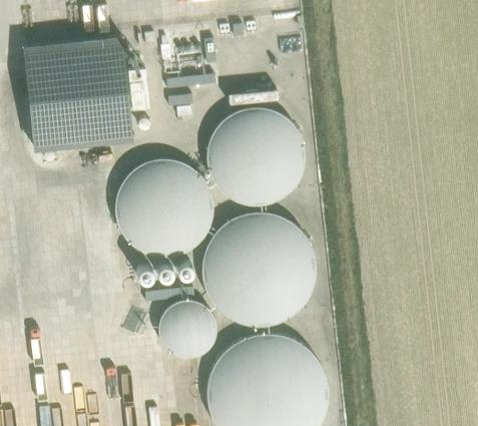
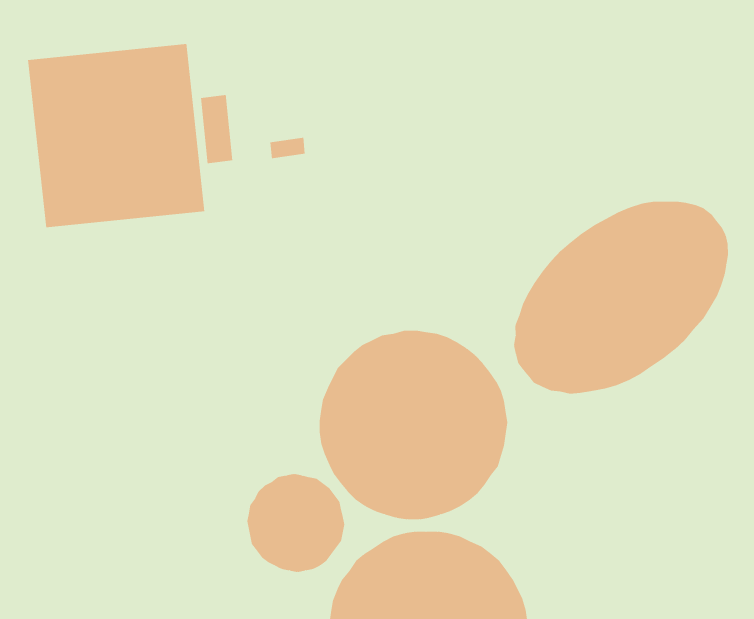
building: [206,107,305,205] -> none
building: none -> [514,201,729,395]
building: [114,158,212,257] -> none

